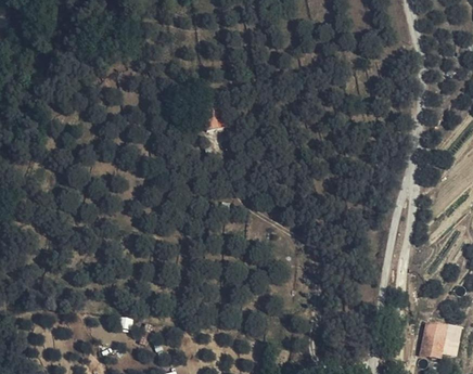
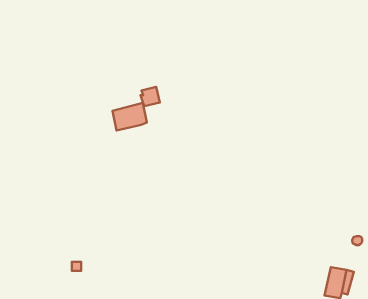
building: none -> [112,103,147,131]

